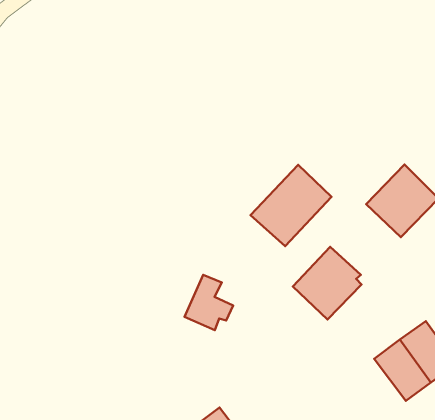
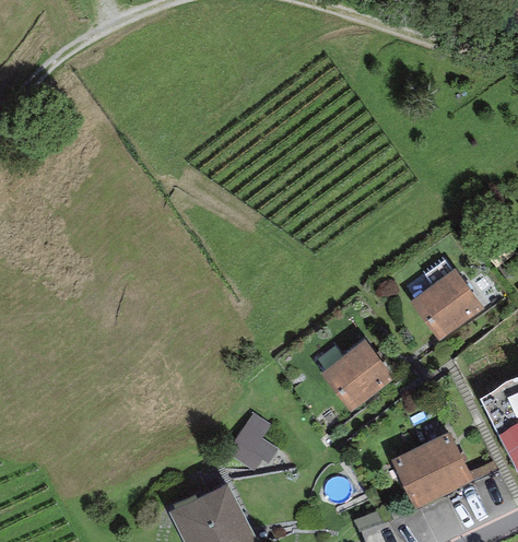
building: [250,165,331,246] -> none
building: [185,275,233,330] -> [226,413,278,471]

